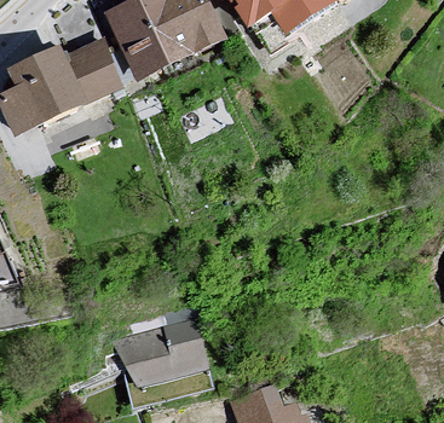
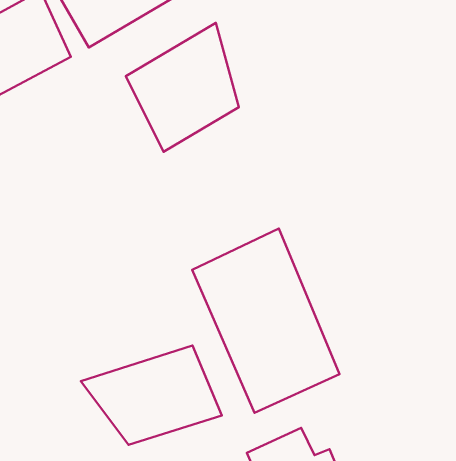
building: none -> [126,23,239,152]
building: none -> [192,229,339,413]

